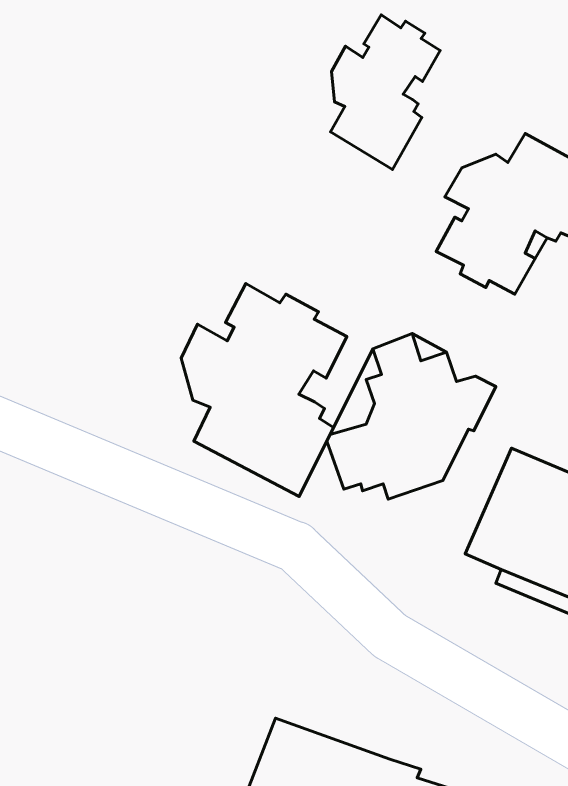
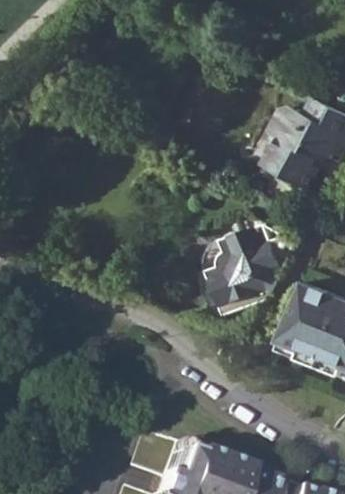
building: [331,15,440,169] -> none
building: [181,284,347,496] -> none

